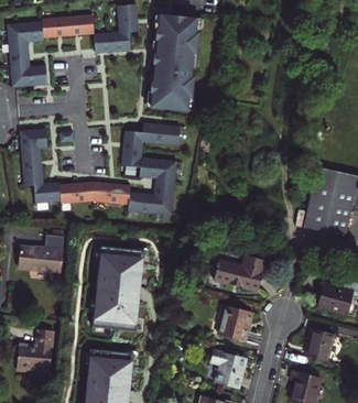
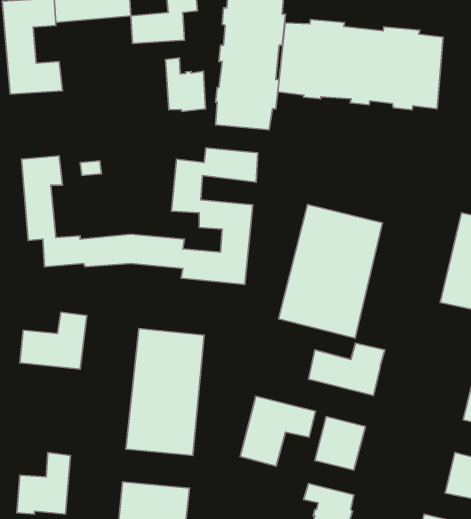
building: none -> [278,20,443,110]
building: none -> [166,58,206,112]
building: none -> [278,204,382,338]
building: none -> [240,396,316,466]

